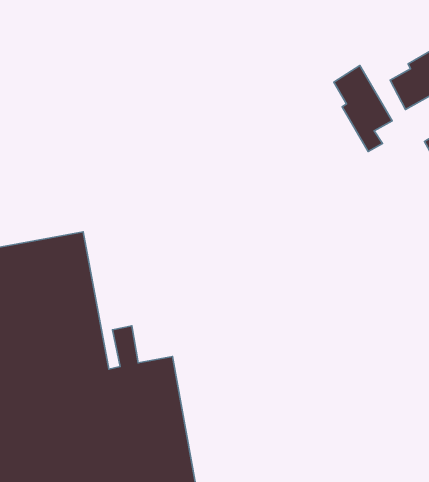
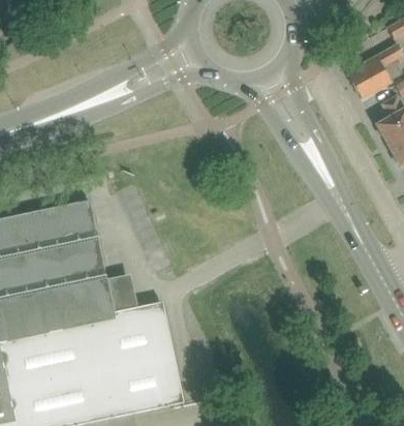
building: [334,66,392,152] -> none

